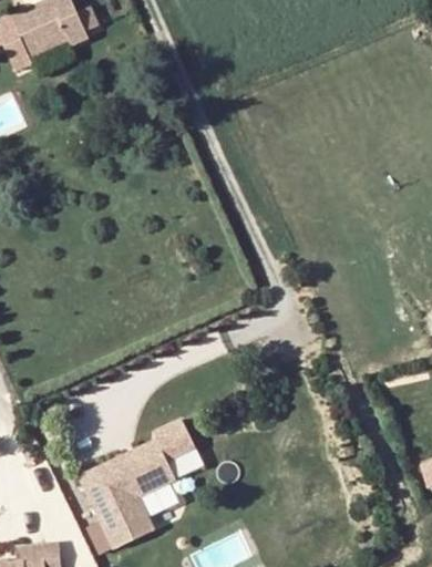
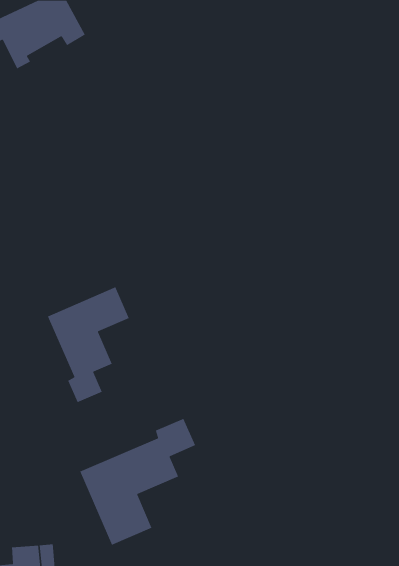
building: none -> [47,286,130,403]

